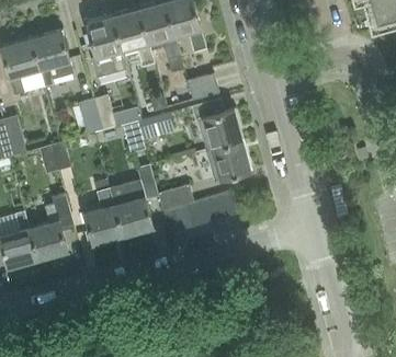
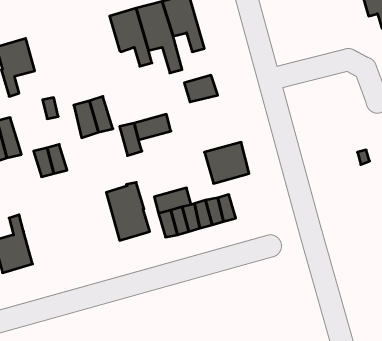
building: [87,16,128,78] -> none
building: [31,31,73,87] -> none
building: [197,108,242,150] -> none
building: [84,188,123,246] -> none
building: [29,204,67,260] -> none

